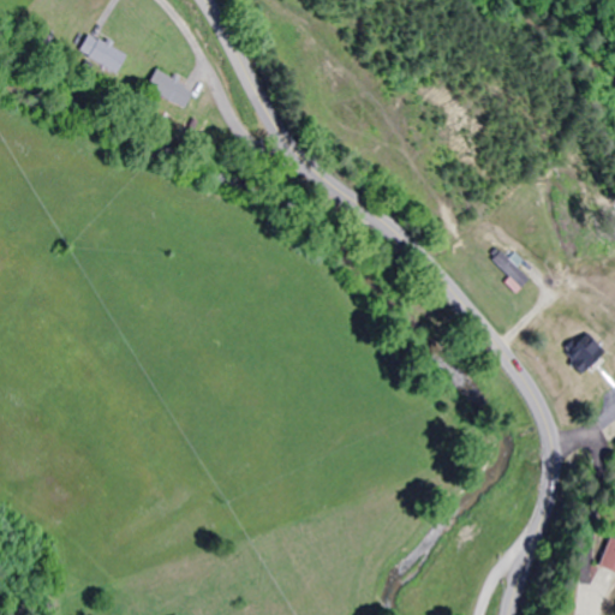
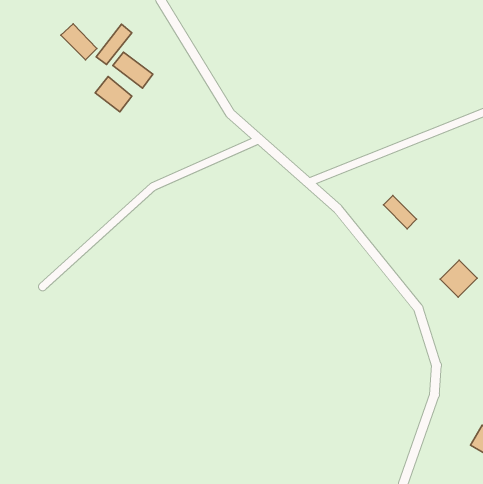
building: none -> [96,24,132,65]
building: none -> [95,77,132,112]

